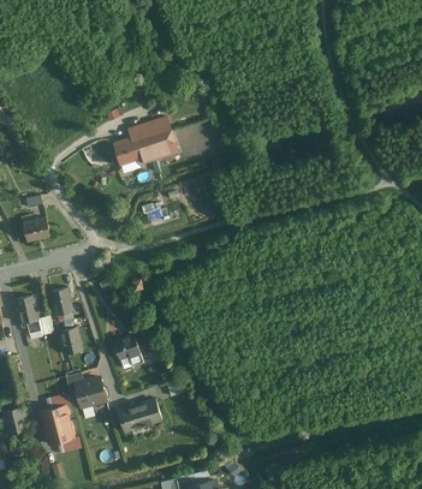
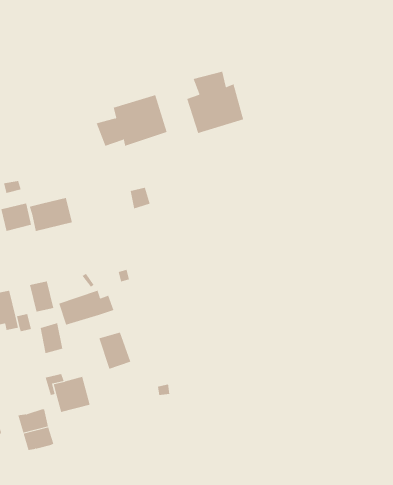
building: none -> [186,71,244,134]
building: none -> [29,197,73,232]
building: none -> [58,290,114,325]
building: [117,399,162,435] -> none

